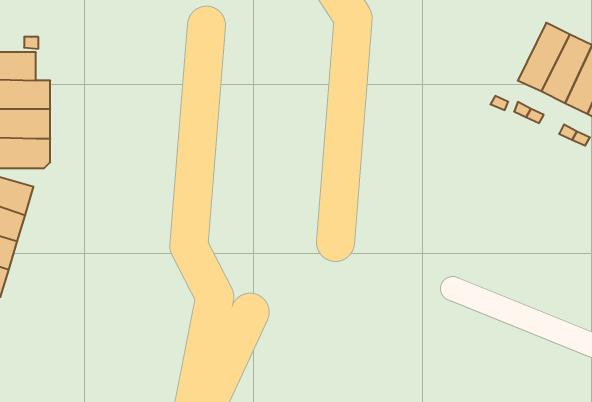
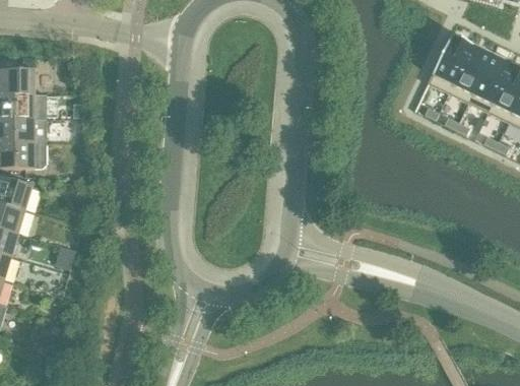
building: none -> [428,34,473,93]

